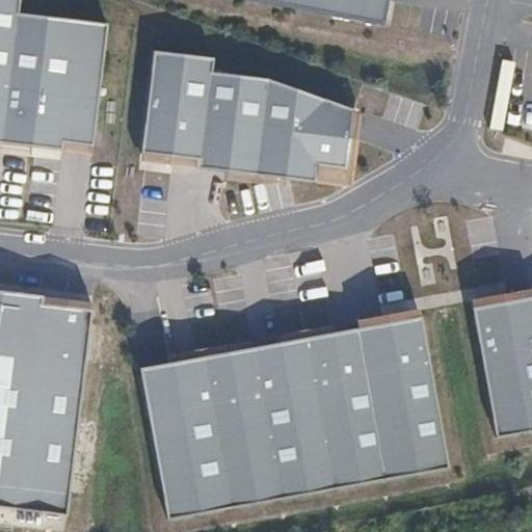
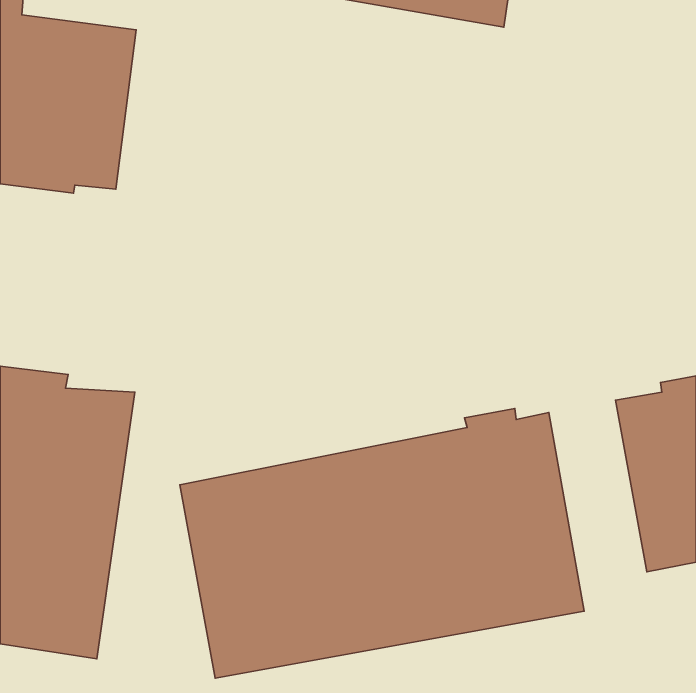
building: [139,50,351,183] -> none

